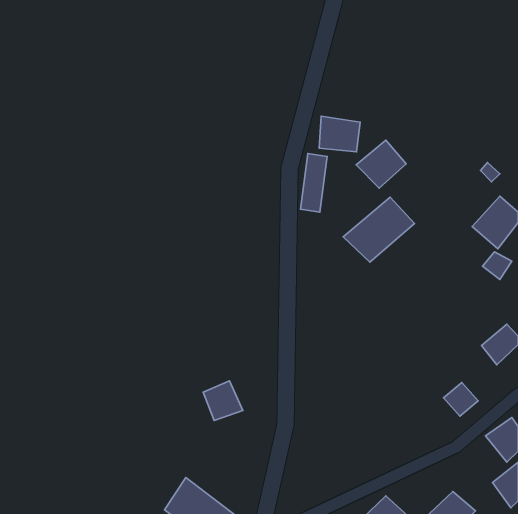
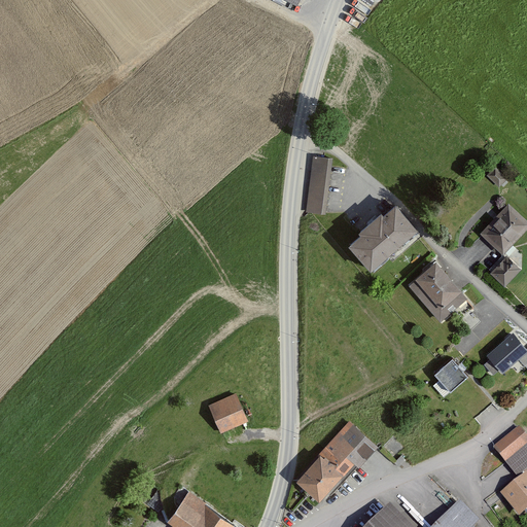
building: [319,116,360,152] -> none
building: [356,140,406,188] -> none
building: none -> [409,261,462,315]
building: [444,383,478,416] -> [434,358,469,392]
building: none -> [296,421,377,501]

